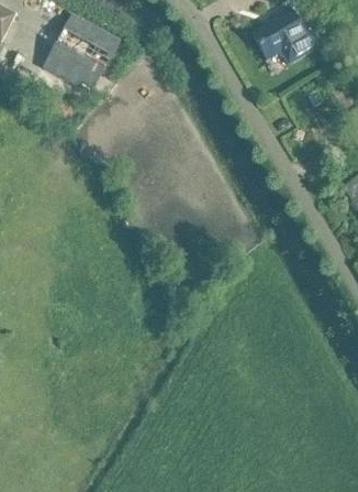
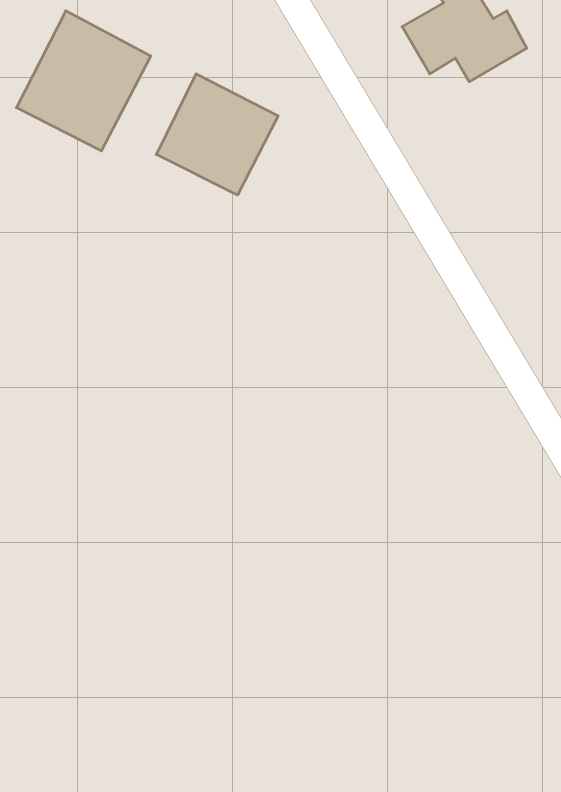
building: none -> [156,74,278,195]

